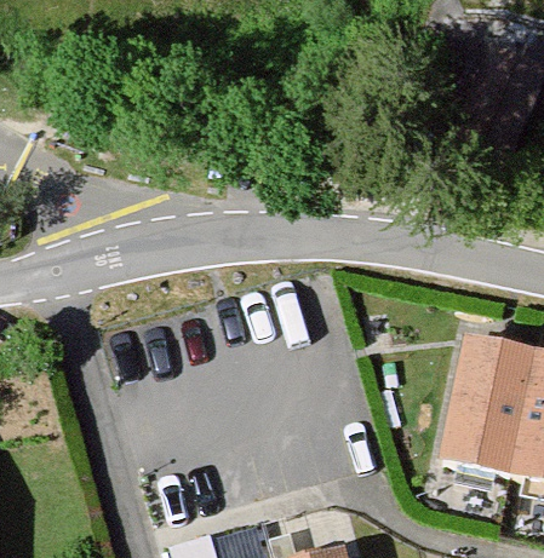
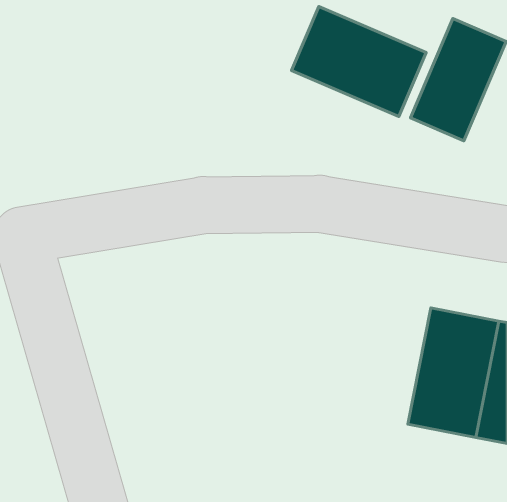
building: none -> [291,7,426,116]

